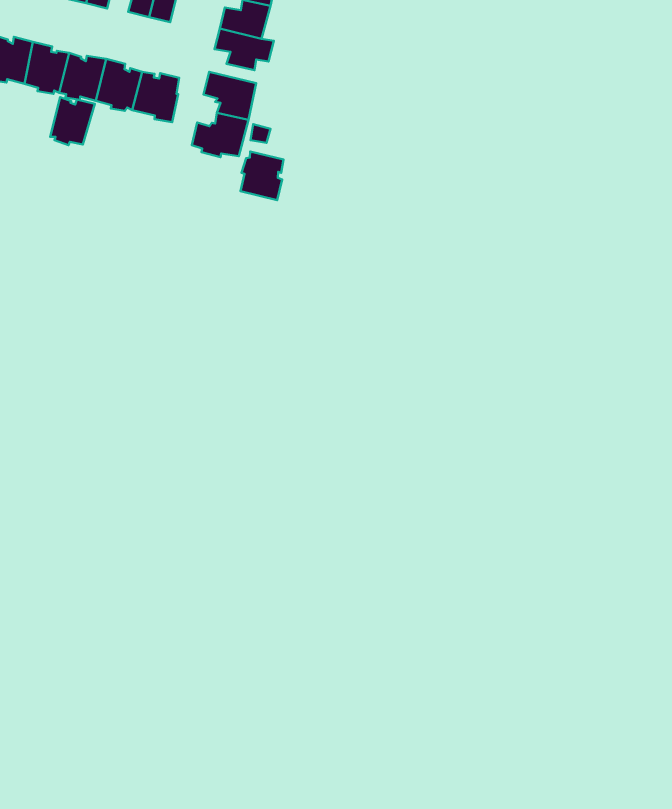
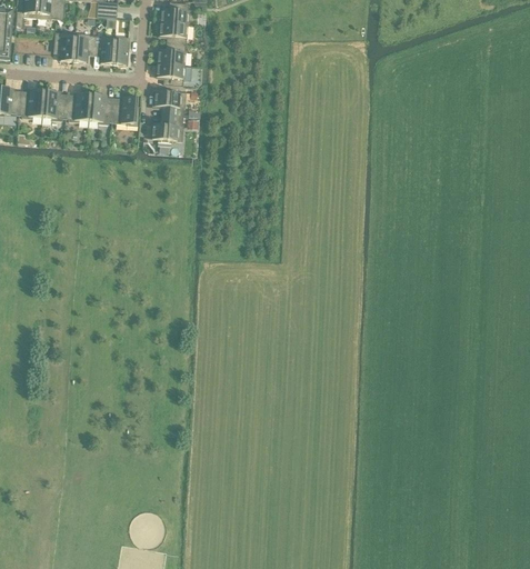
building: [50,97,95,145] -> none
building: [241,151,284,200] -> none

